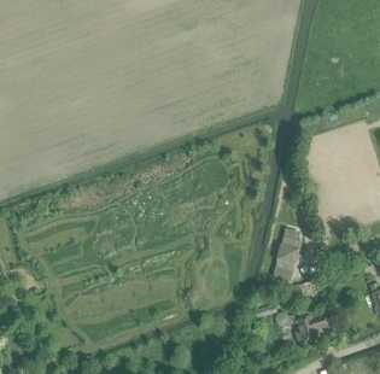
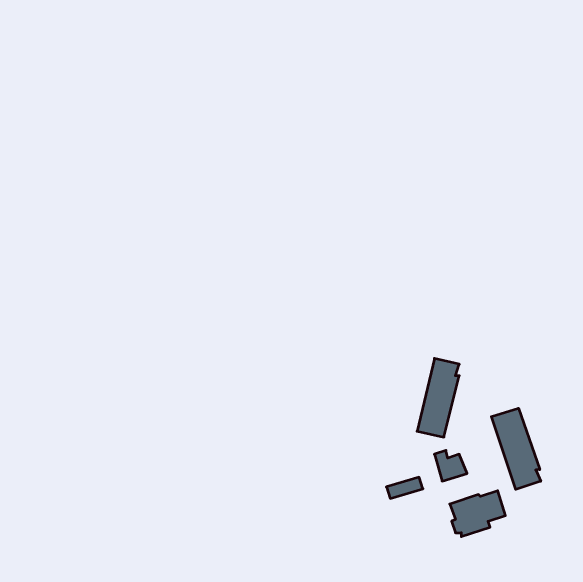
building: none -> [491,408,541,489]

